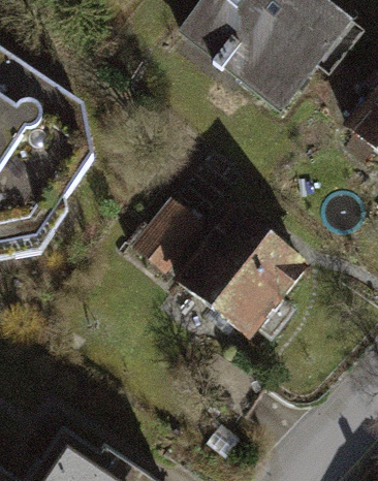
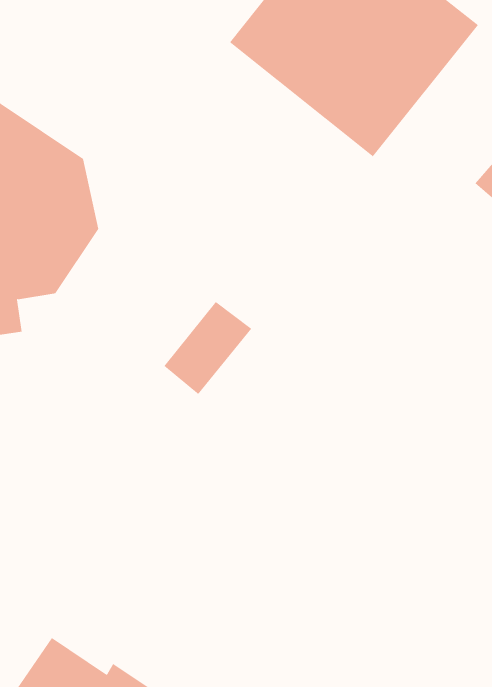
building: [180,212,308,336] -> none

